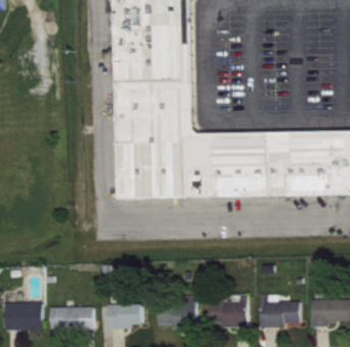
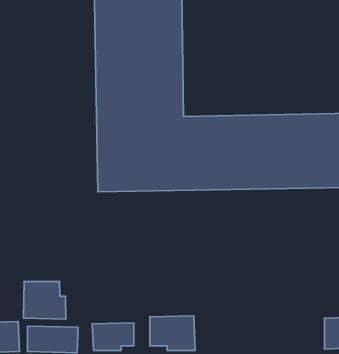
building: none -> [23,281,66,319]
building: [209,296,248,329] -> none
building: [260,296,300,329] -> none

